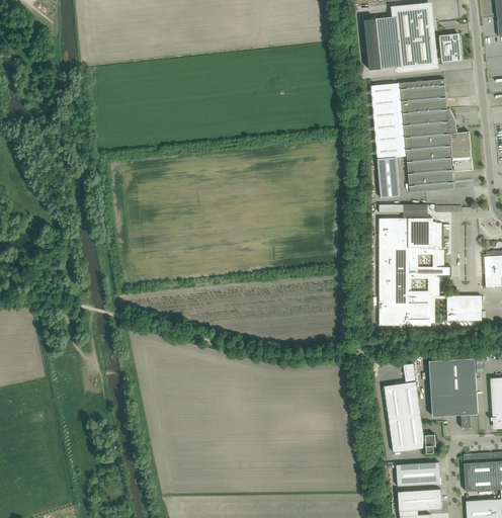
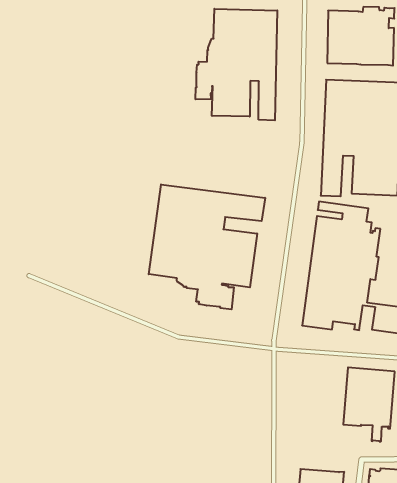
building: none -> [196,9,277,120]
building: none -> [149,184,265,309]
building: [384,363,436,452] -> none

